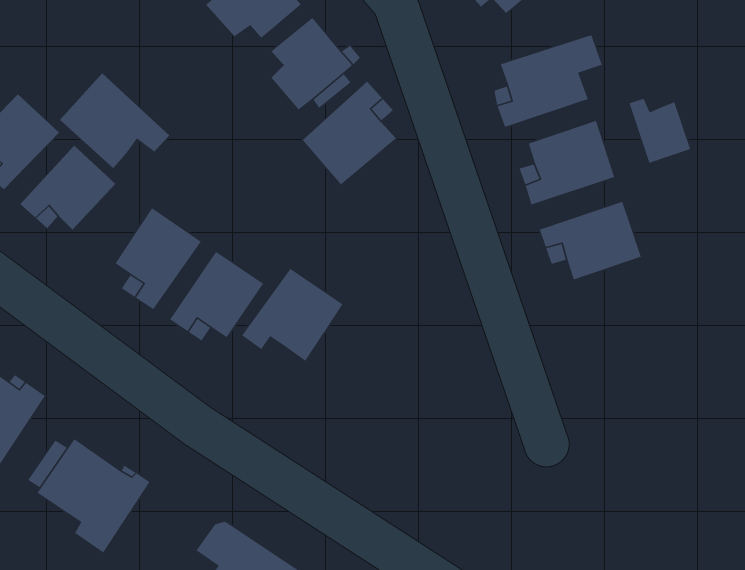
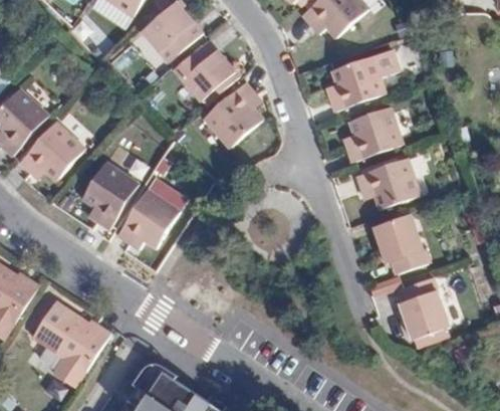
building: [59,73,170,169] -> none
building: [629,98,691,164] -> none
building: [241,268,343,362] -> none
building: none -> [372,213,428,272]
building: none -> [398,275,450,338]

